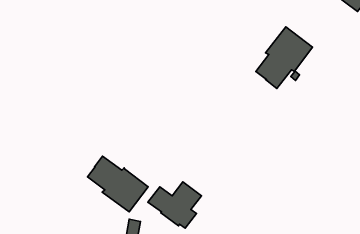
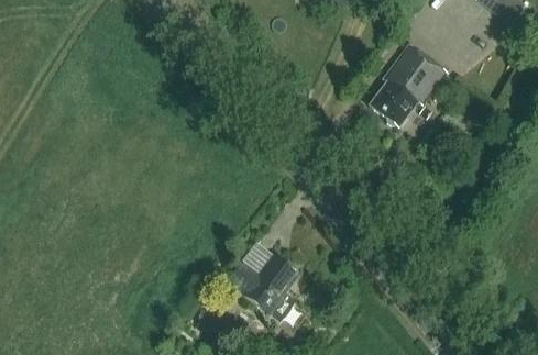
building: [88,156,148,212] -> none

